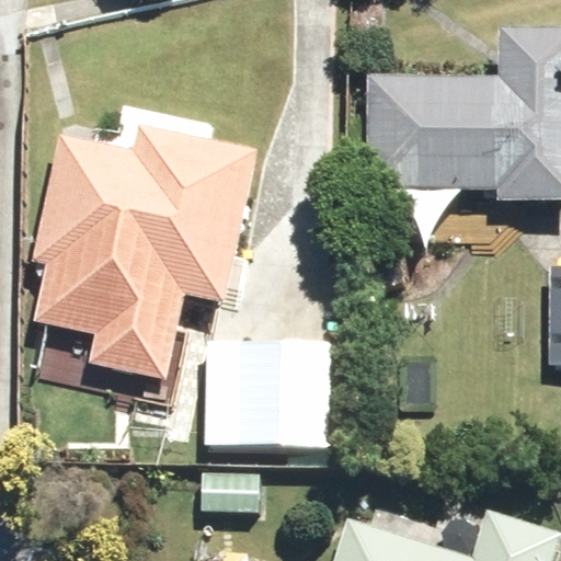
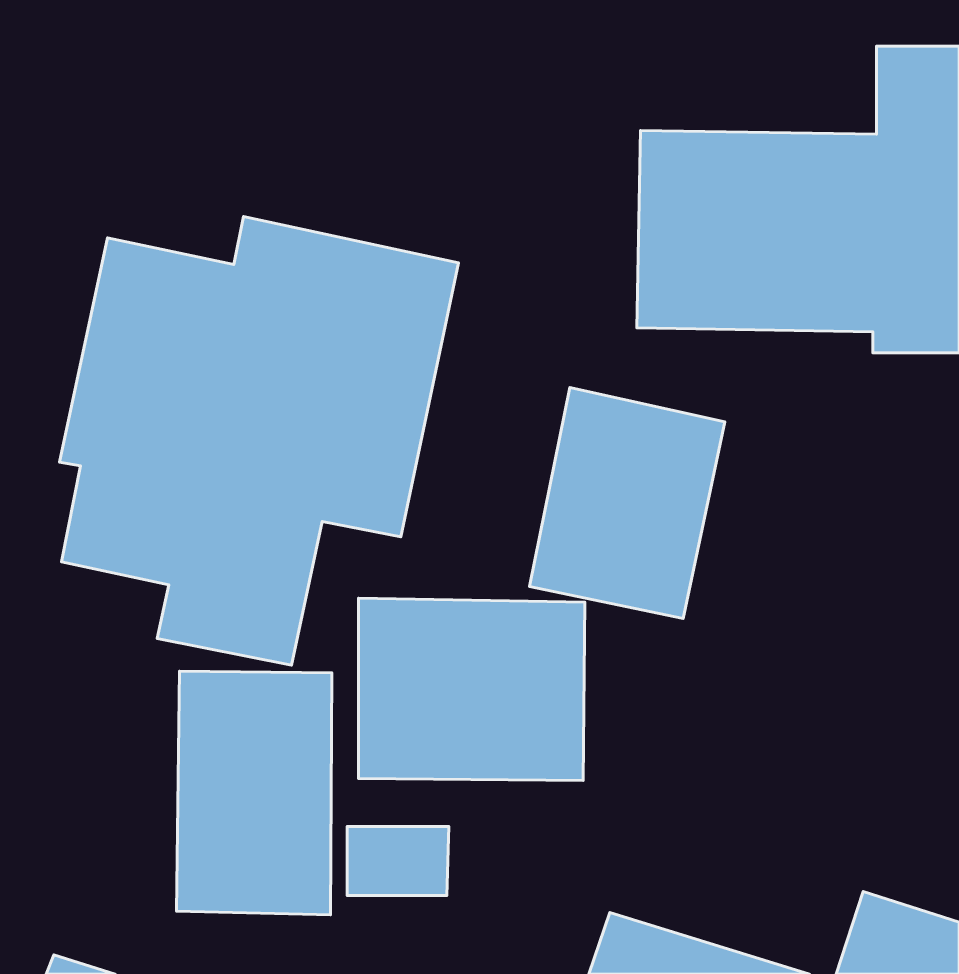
building: none -> [529,387,725,619]
building: none -> [177,671,332,915]

